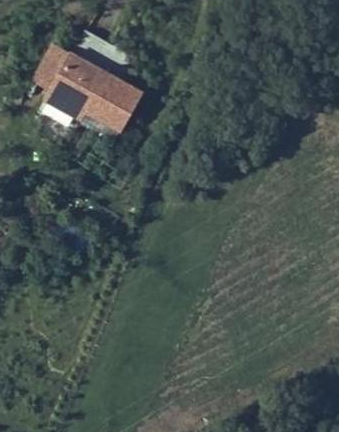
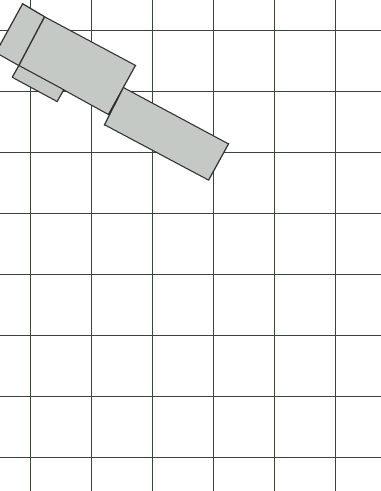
building: none -> [104,87,229,180]

